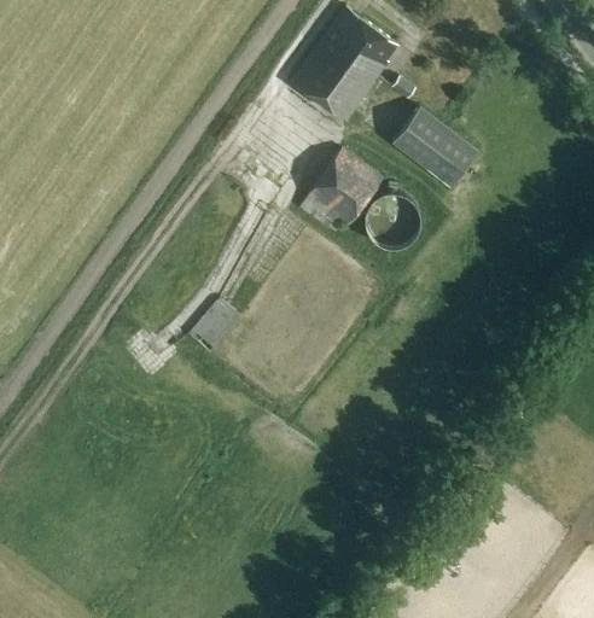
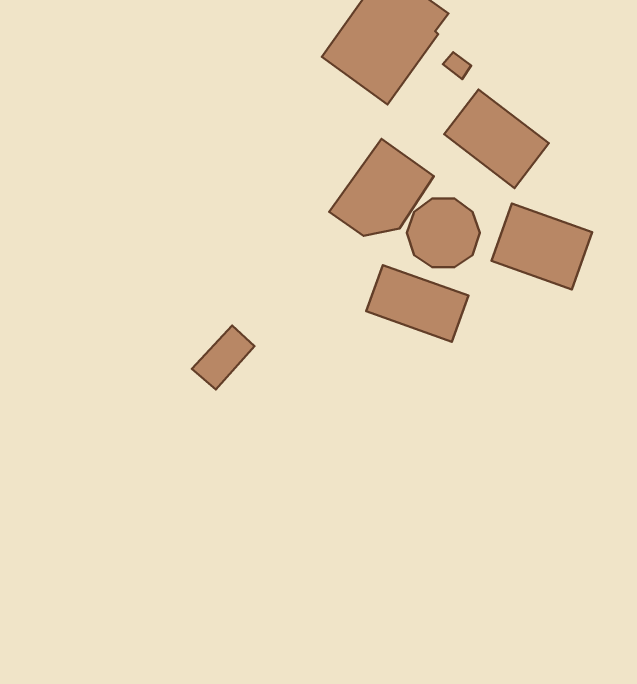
building: none -> [492,204,592,289]
building: none -> [366,265,468,342]

